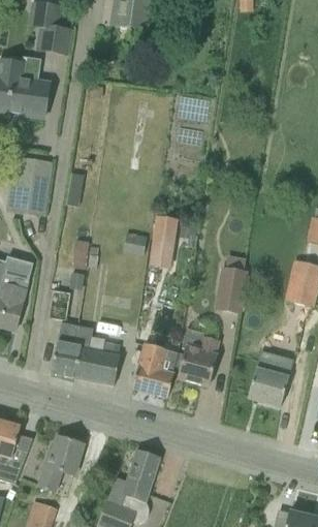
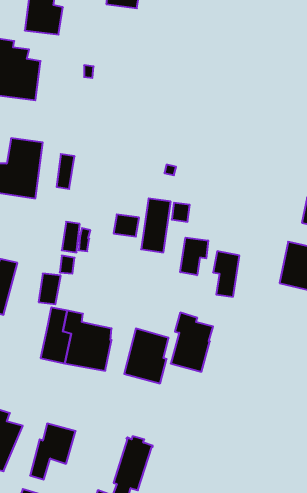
building: none -> [180,238,208,275]
building: [248,337,288,406] -> none

